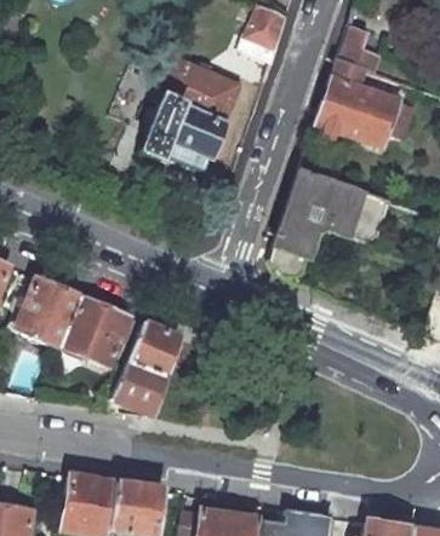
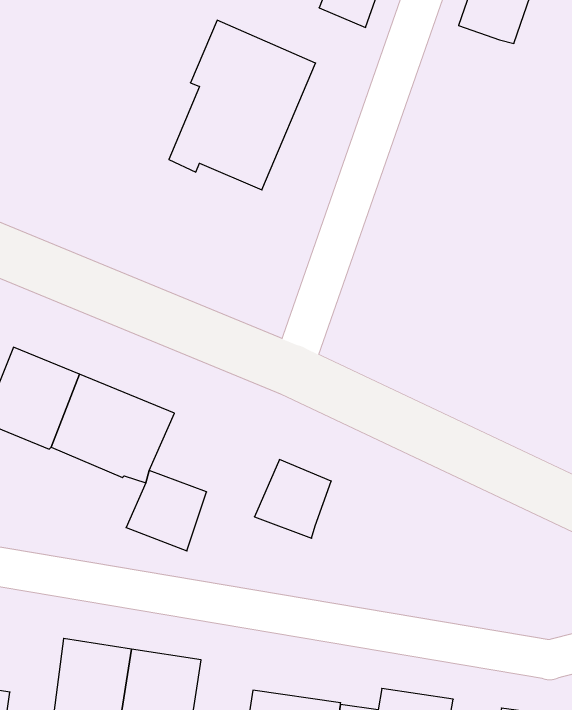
building: [316,58,399,144] -> none
building: [269,168,390,277] -> none
building: [127,321,179,374] -> [254,460,331,538]

